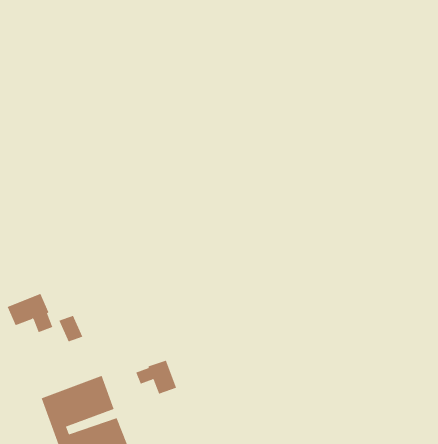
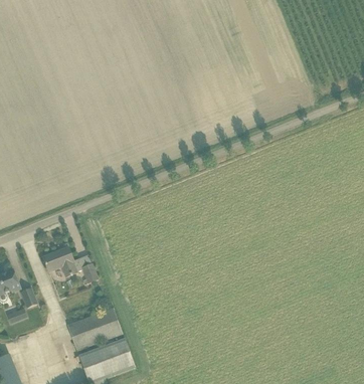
building: [135,360,177,394] -> none

